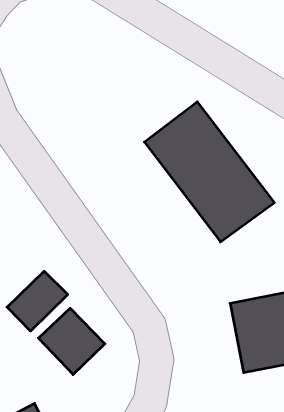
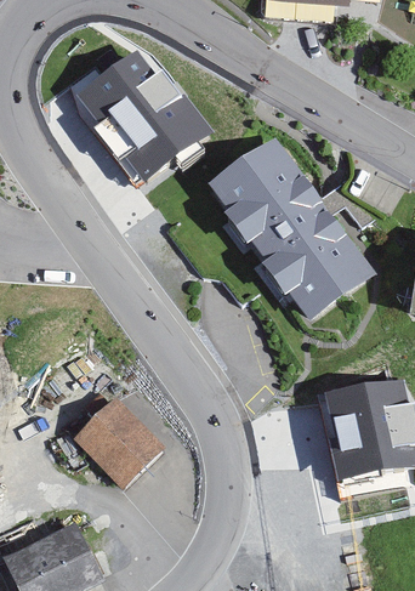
building: none -> [78,55,208,187]
building: [7,271,68,331] -> none

